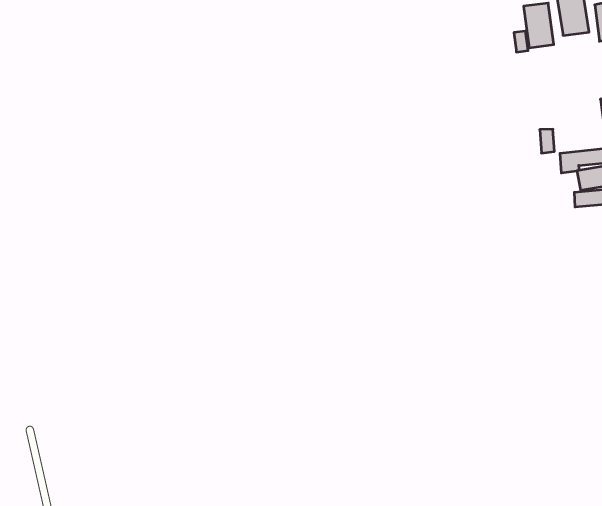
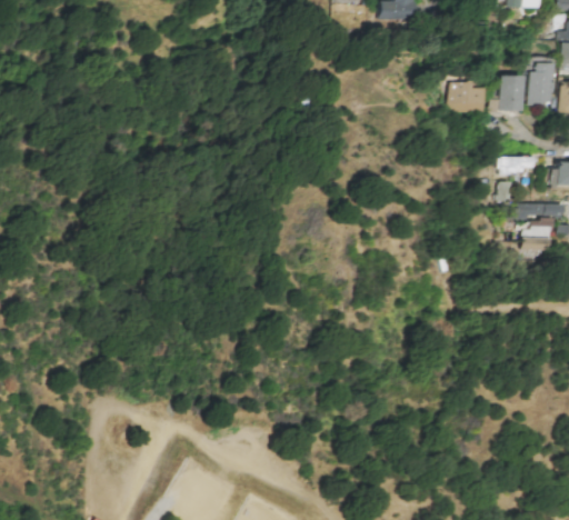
building: none -> [451,82,482,112]
building: none -> [501,157,533,174]

